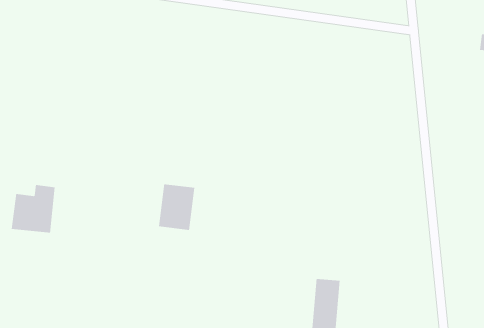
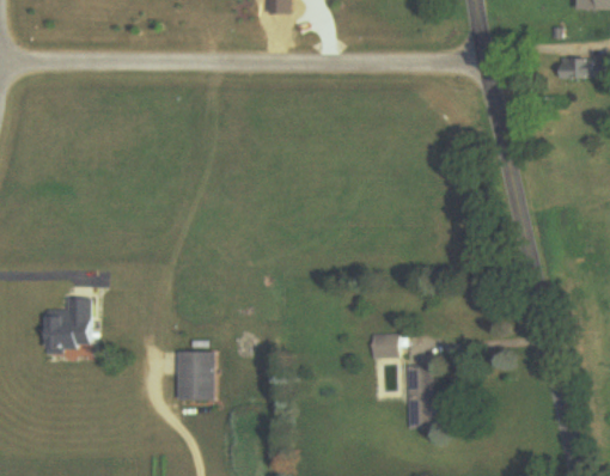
building: [158,184,195,230] -> [178,350,215,401]
building: none -> [370,335,397,358]

